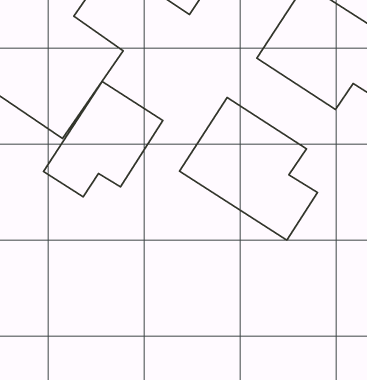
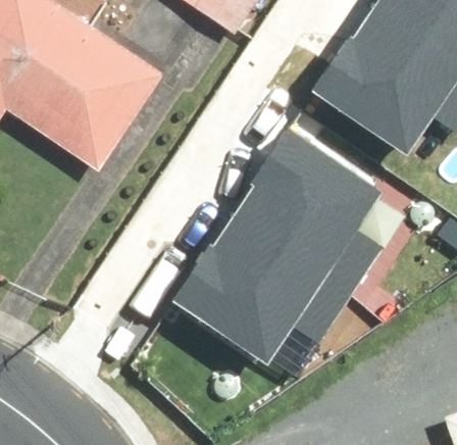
building: [44,81,163,197] -> none
building: none -> [180,210,350,347]

